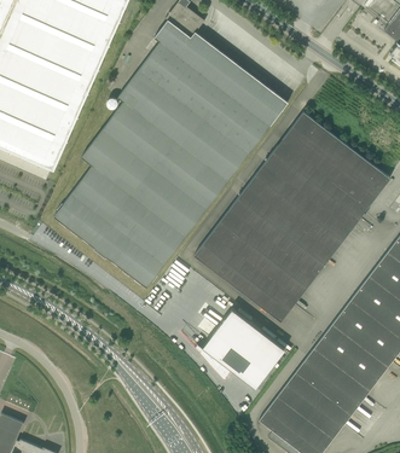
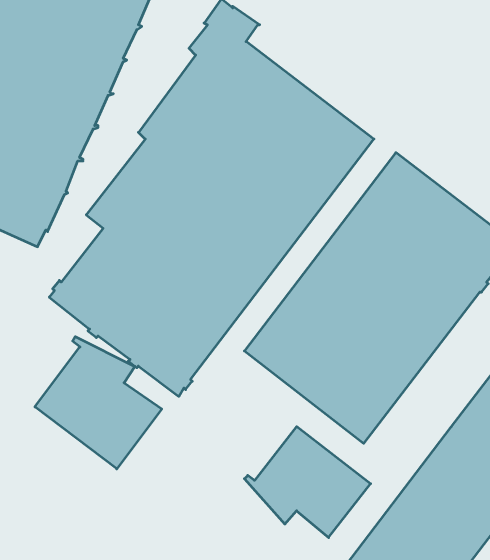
building: none -> [35,337,162,469]

